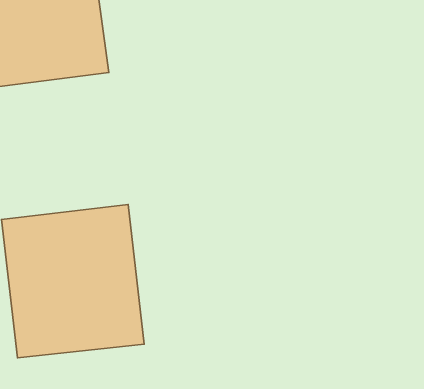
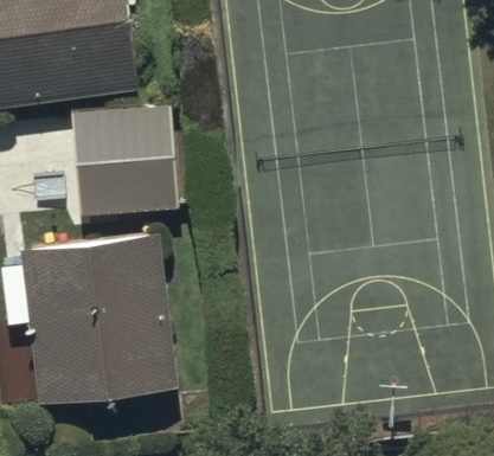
building: none -> [75,105,178,217]

